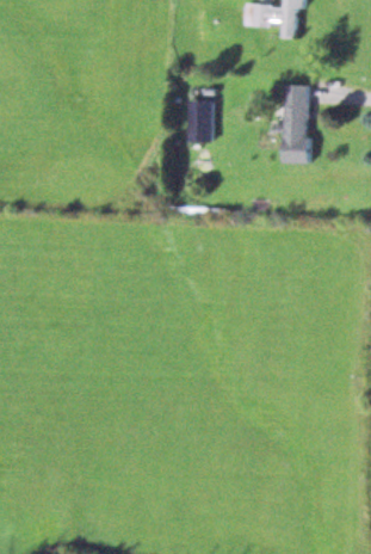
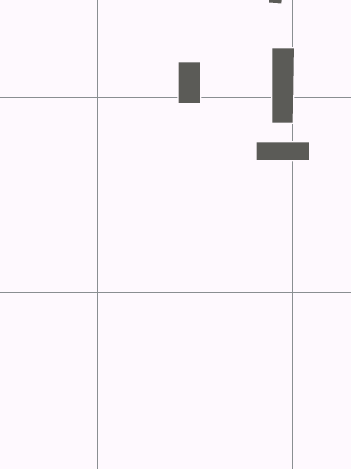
building: none -> [256,141,309,161]

